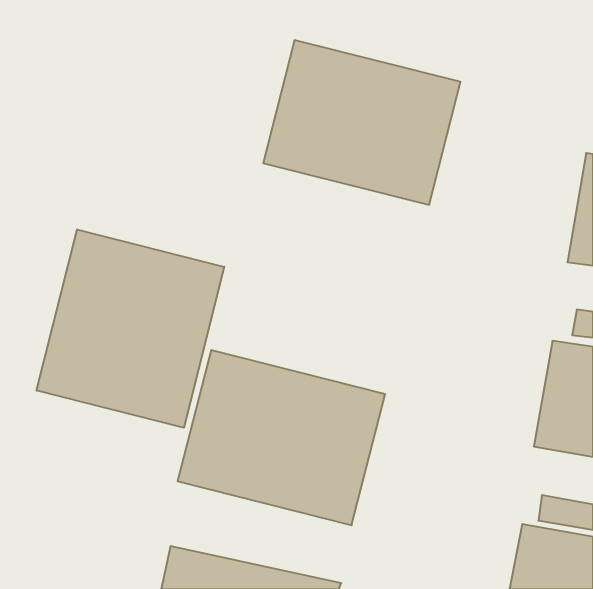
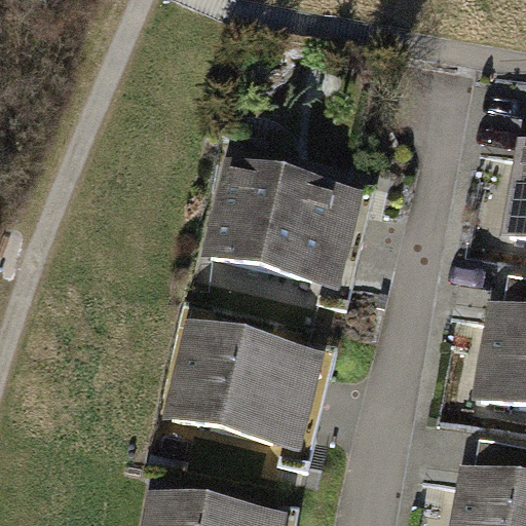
building: [263,40,461,205] -> [200,152,375,298]
building: [37,229,224,428] -> none

